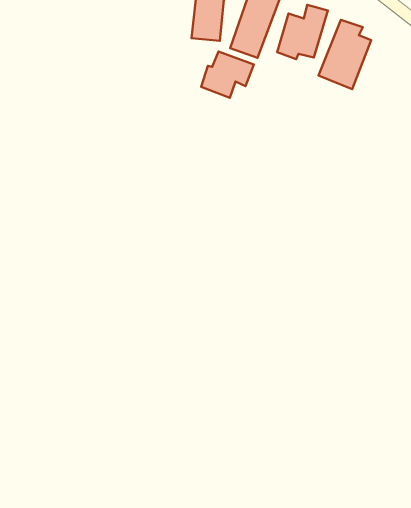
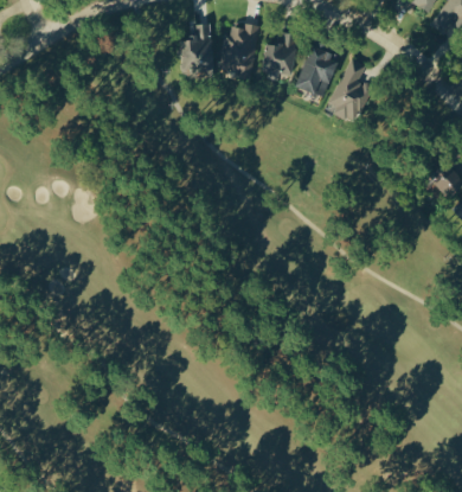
building: none -> [326,60,366,122]
building: [201,51,254,98] -> none

